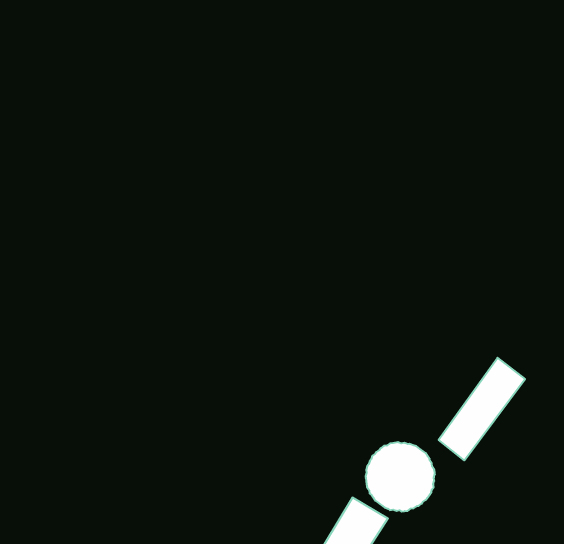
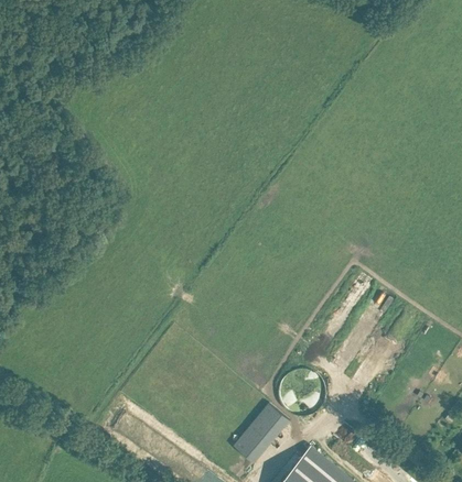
building: [439,358,525,460] -> none

